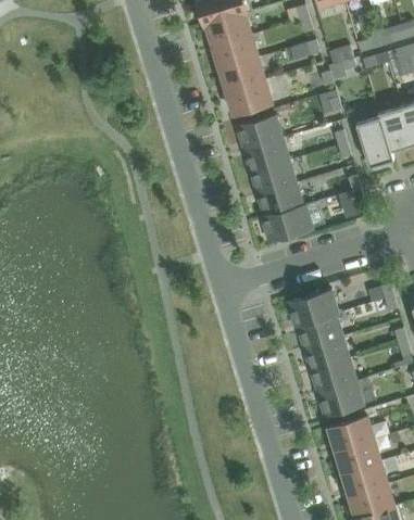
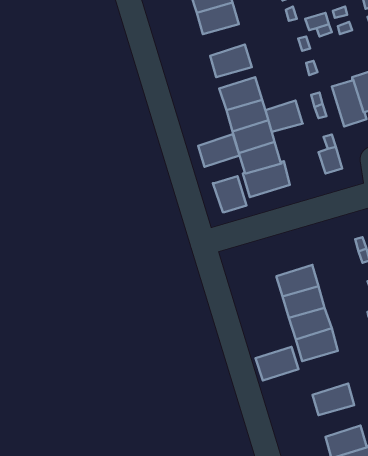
building: [219,58,264,91] -> none
building: none -> [265,101,303,132]
building: none -> [198,134,239,167]
building: none -> [213,176,247,212]
building: [288,289,338,326] -> none
building: [328,415,374,451] -> [256,347,299,381]
building: [342,461,387,495] -> none

